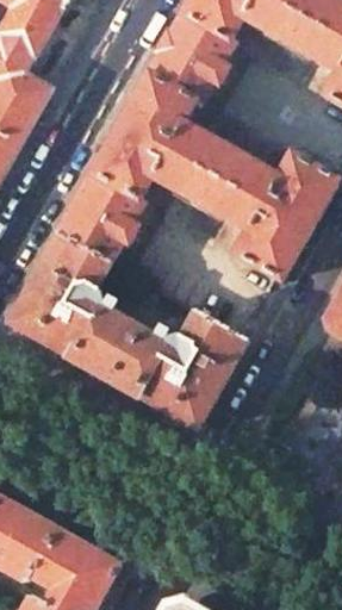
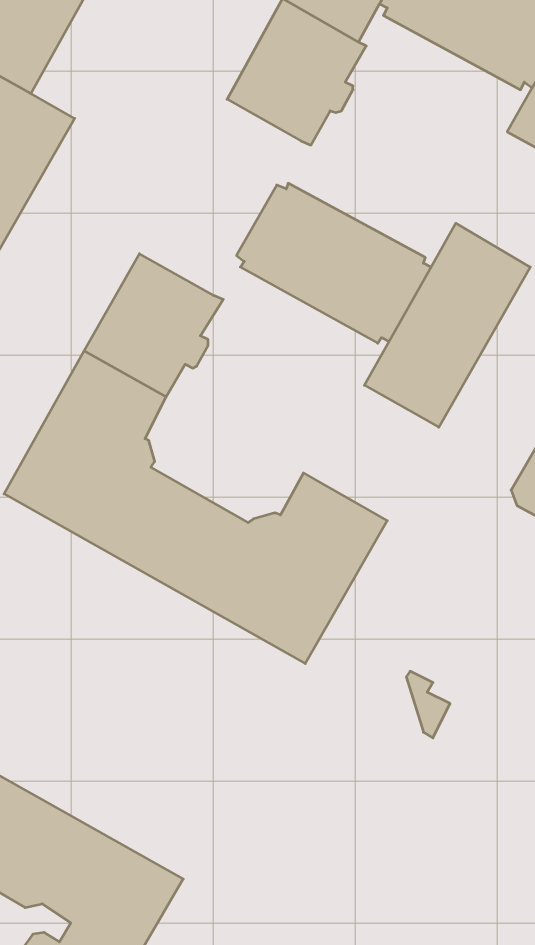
building: [92,75,193,198] -> none

